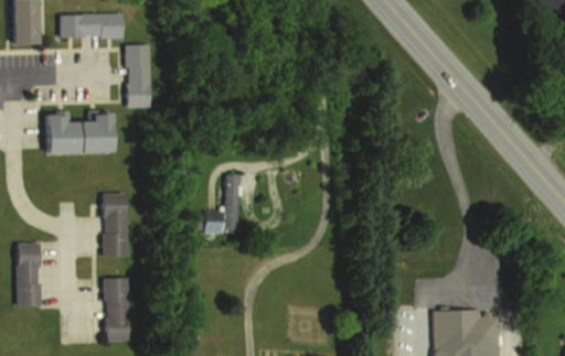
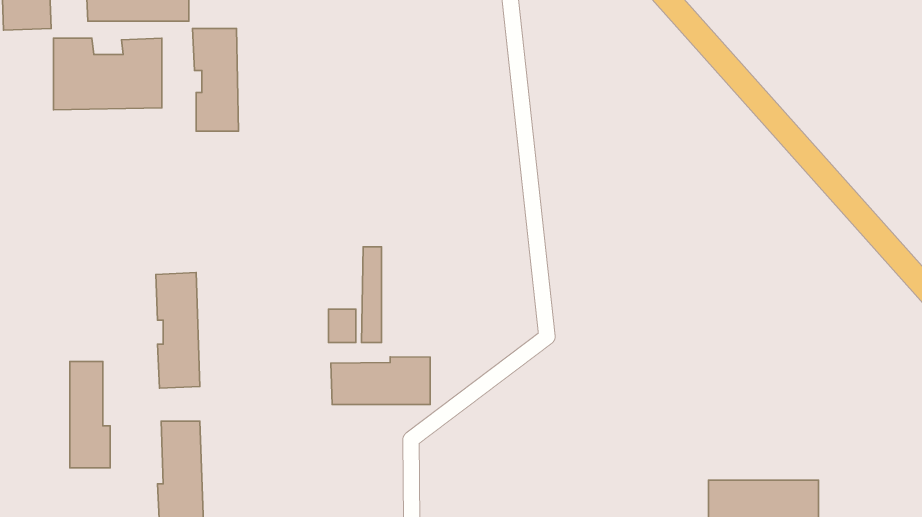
building: [46,110,111,153] -> [53,38,162,110]
building: none -> [331,357,430,404]
building: [18,242,42,306] -> [70,361,110,468]

